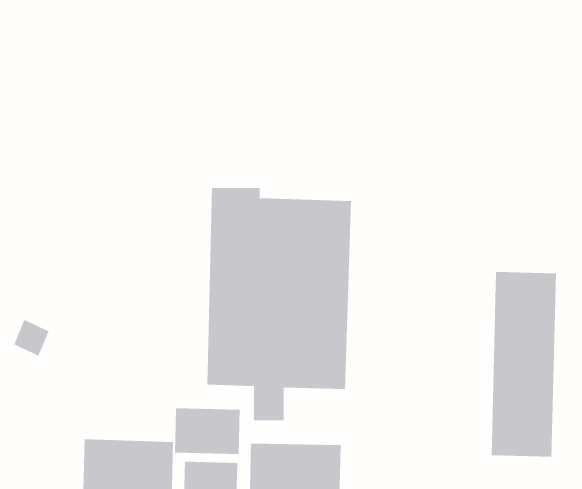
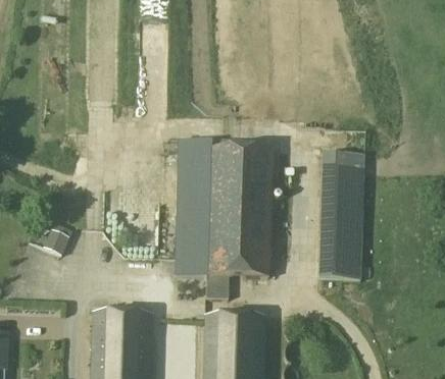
building: [491,272,557,457] -> [319,150,364,276]
building: [175,408,240,455] -> none

